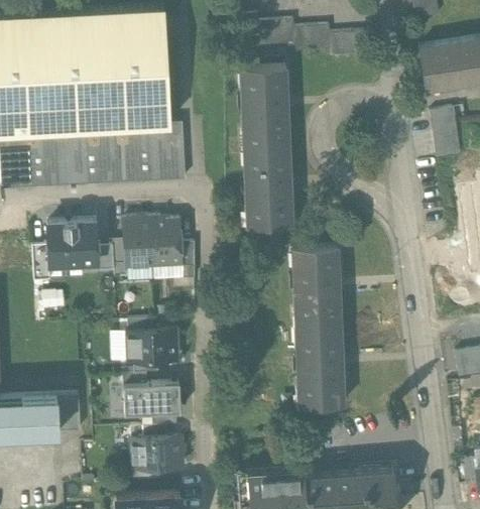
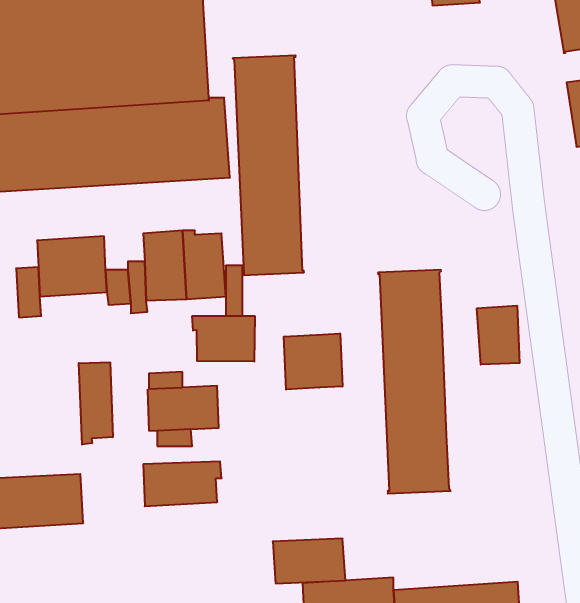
building: [240,67,291,225] -> [233,55,304,275]
building: none -> [477,306,520,365]
building: none -> [192,316,255,362]
building: none -> [284,333,342,390]
building: none -> [79,362,113,445]
building: [130,437,183,470] -> [273,539,345,583]

